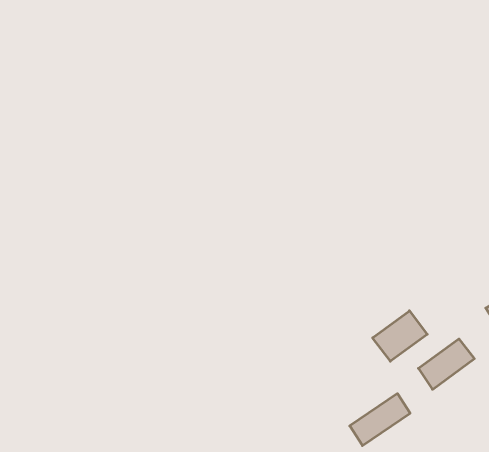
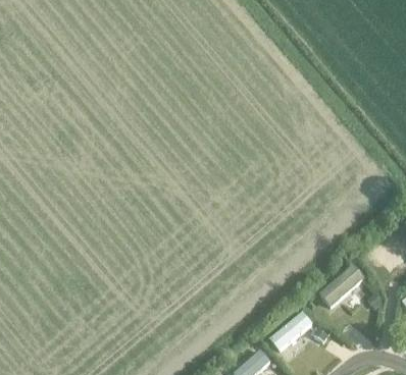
building: [373,311,427,361] -> none

